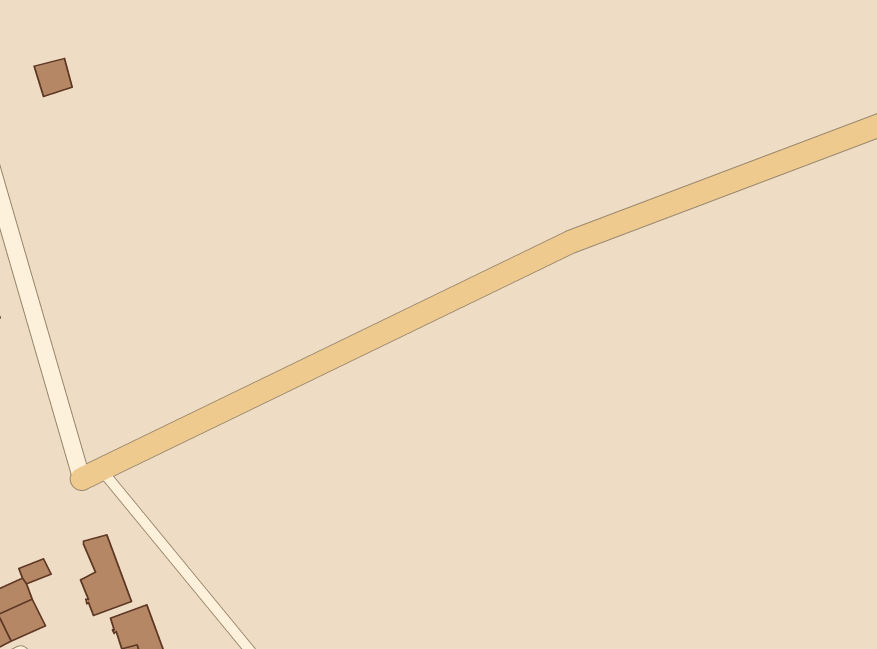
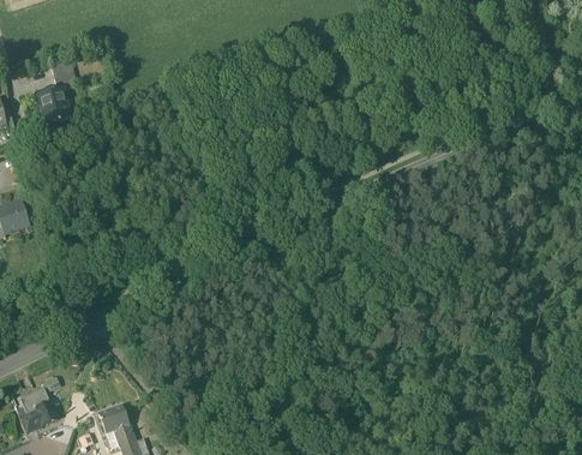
building: none -> [37,88,66,121]
building: [81,535,132,616] -> none

